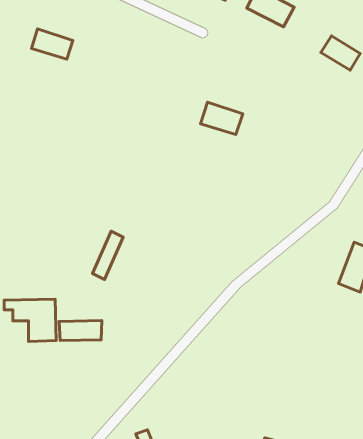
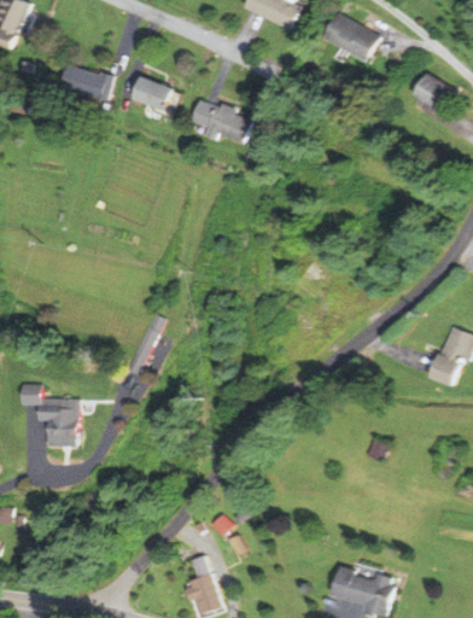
building: none -> [127,75,170,110]
building: [201,102,243,135] -> [202,103,253,142]
building: [59,320,102,341] -> none

